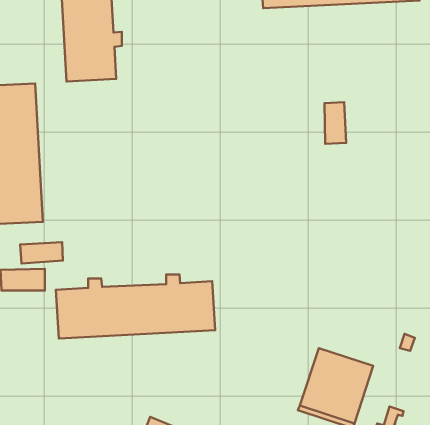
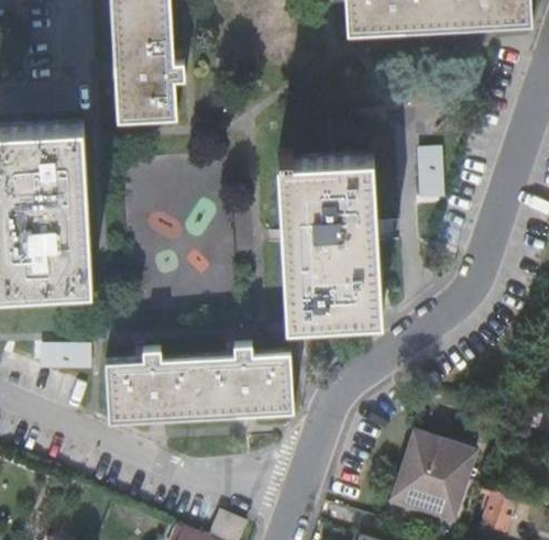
building: none -> [275,156,388,327]
building: [20,242,63,264] -> none

